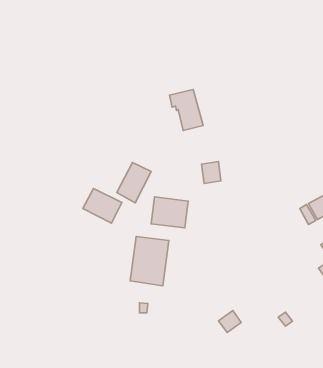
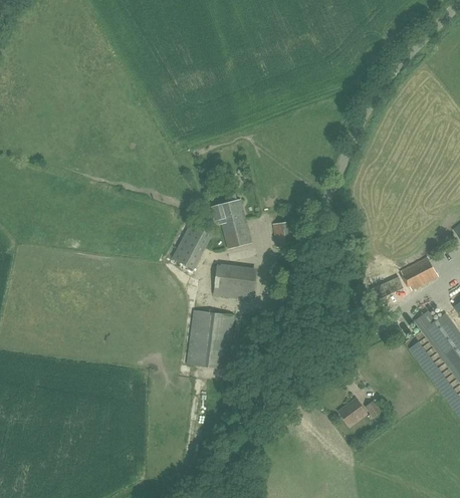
building: [170,89,203,131] -> [211,200,251,249]
building: [83,188,122,223] -> none
building: [219,311,241,332] -> [338,400,366,426]

